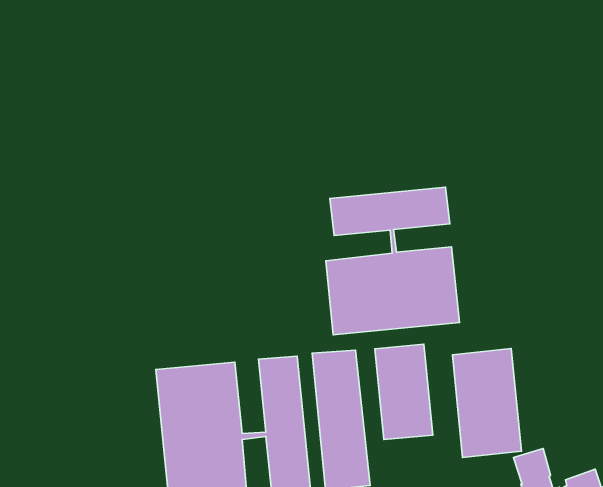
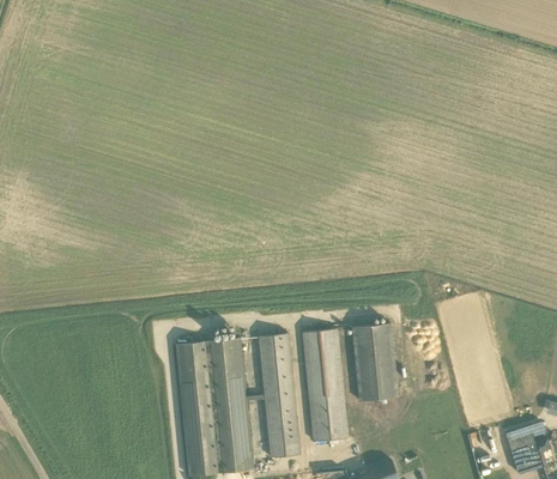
building: [326,187,459,335] -> none
building: [452,348,521,458] -> none

